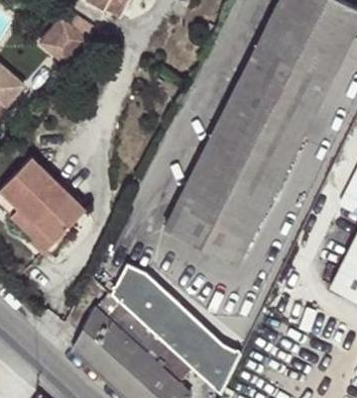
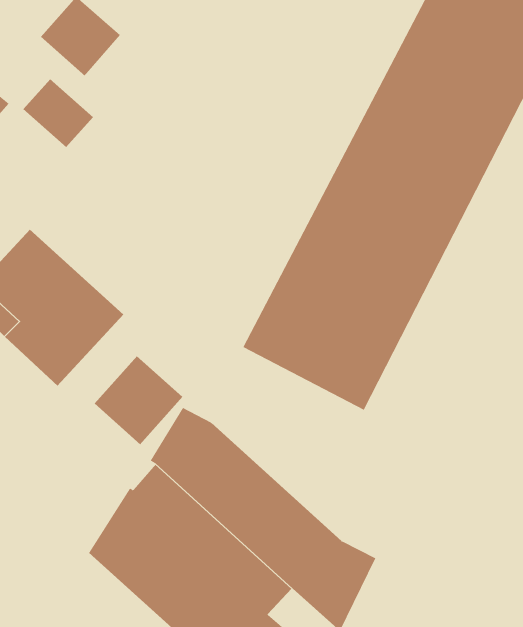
building: none -> [23,78,94,148]
building: none -> [94,355,183,445]

